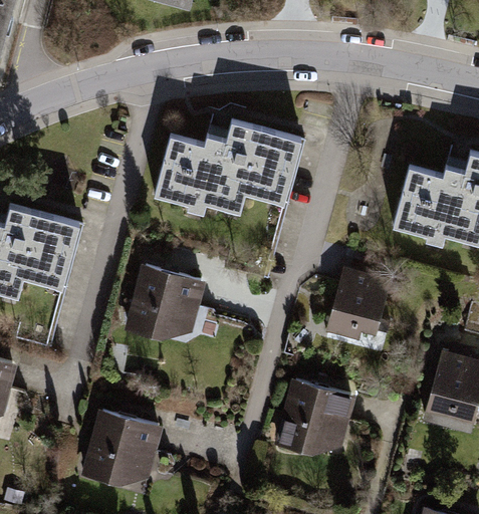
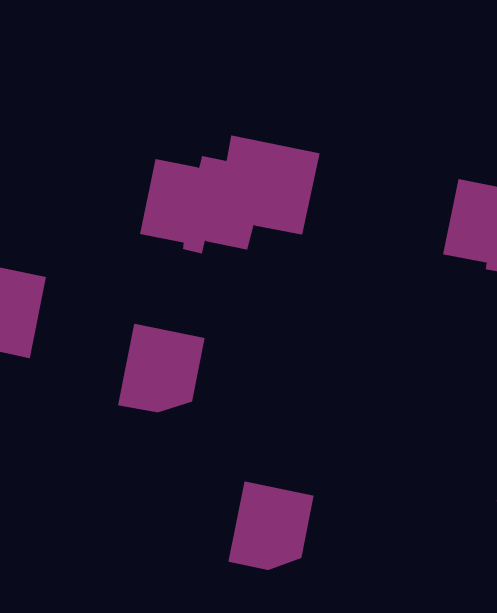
building: [327,268,393,342] -> none
building: [279,379,351,452] -> [228,481,315,571]
building: [86,411,160,483] -> none

